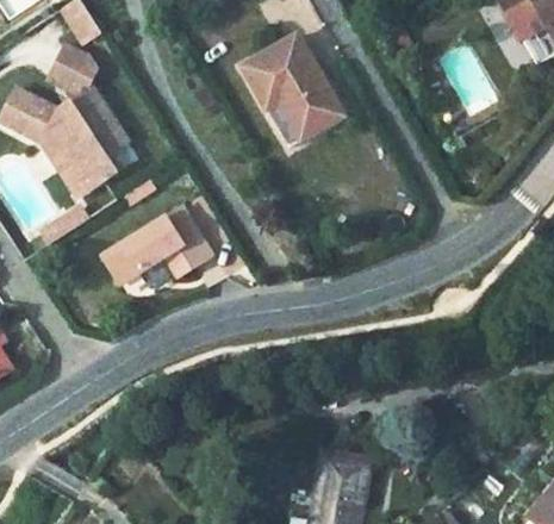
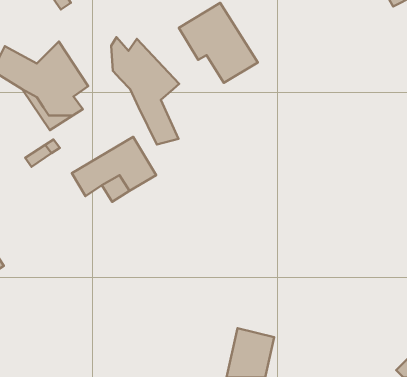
building: [45,44,98,92] -> none
building: none -> [111,37,179,145]

